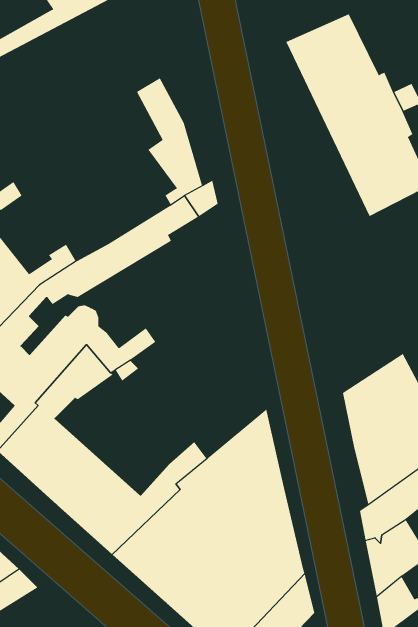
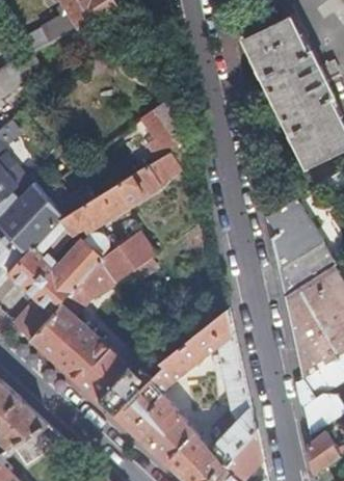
building: none -> [266,201,335,297]

